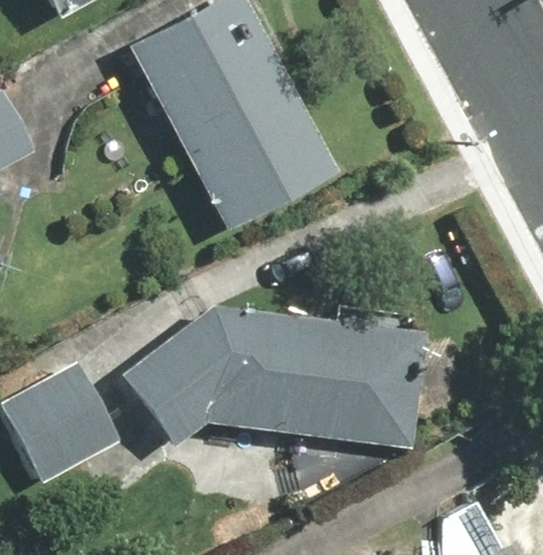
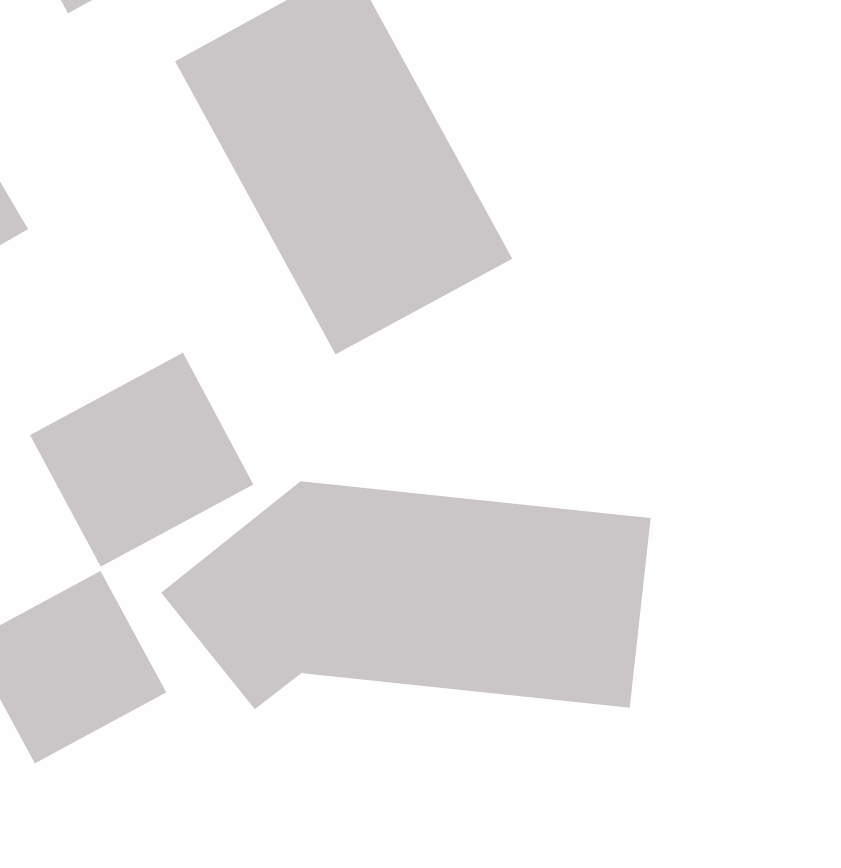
building: none -> [29,352,254,568]

